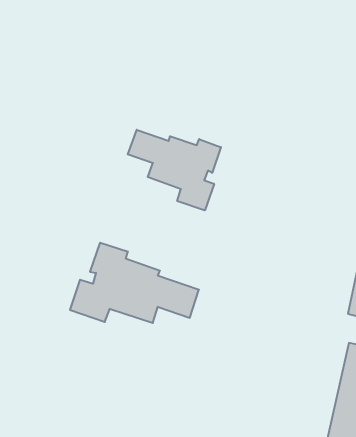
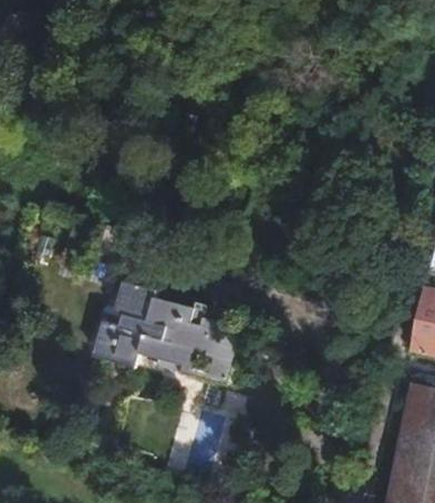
building: [128,130,221,210] -> none

